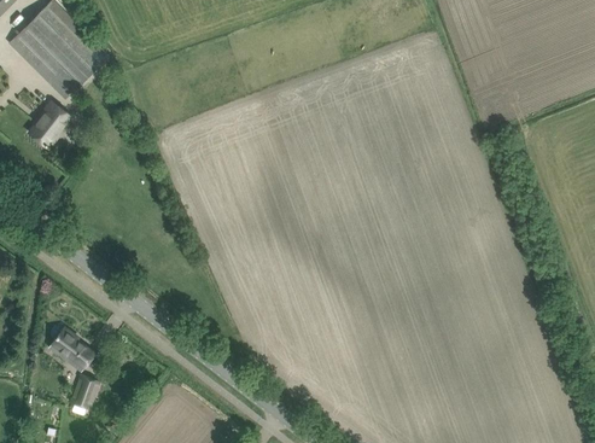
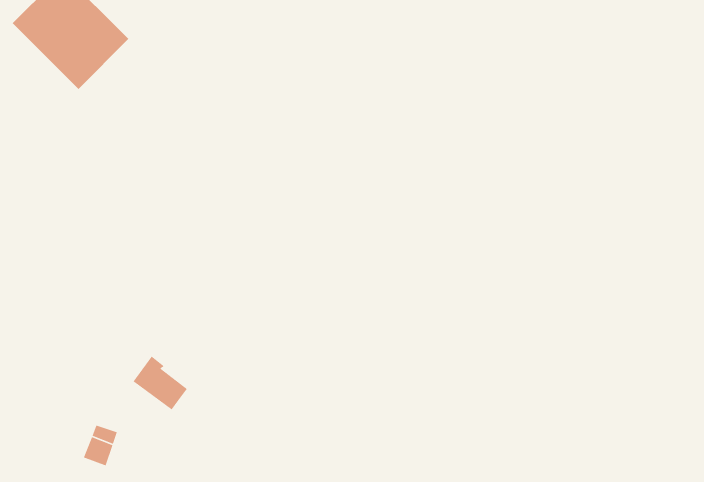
building: [30,101,69,145] -> none
building: [48,326,94,372] -> [133,356,188,411]

